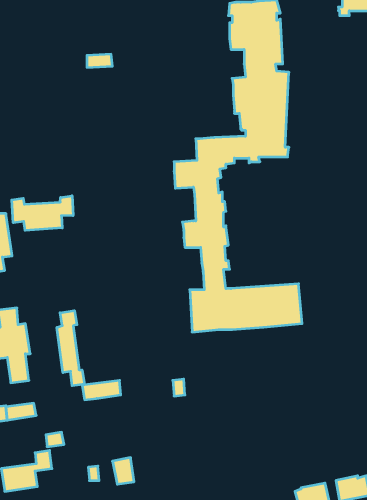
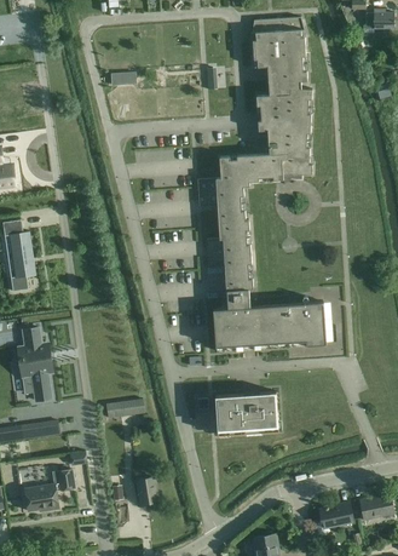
building: [12,196,73,230] -> none
building: [57,311,85,386] -> none
building: none -> [214,391,278,434]

